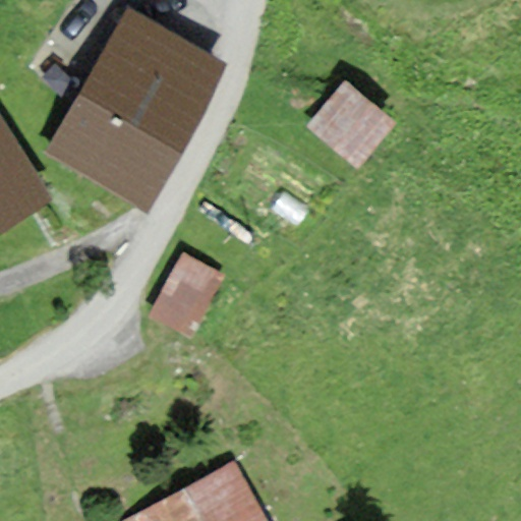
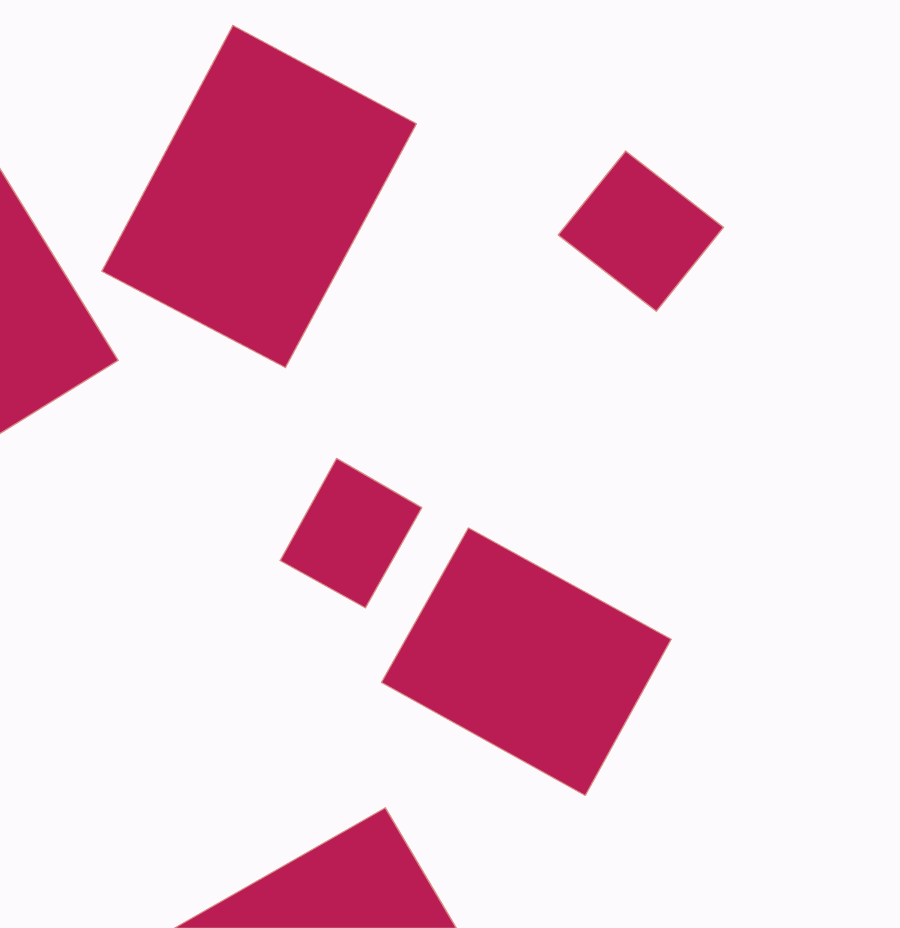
building: none -> [382,528,671,795]

